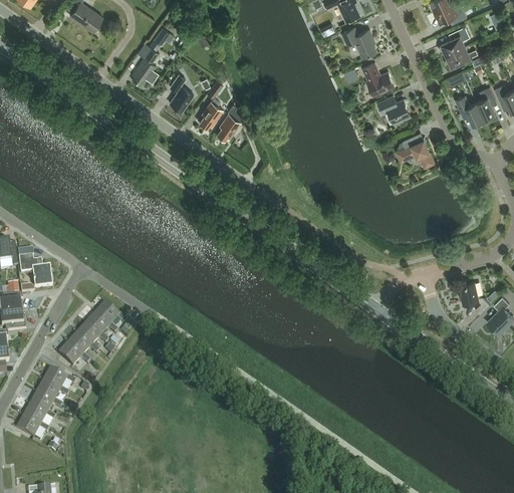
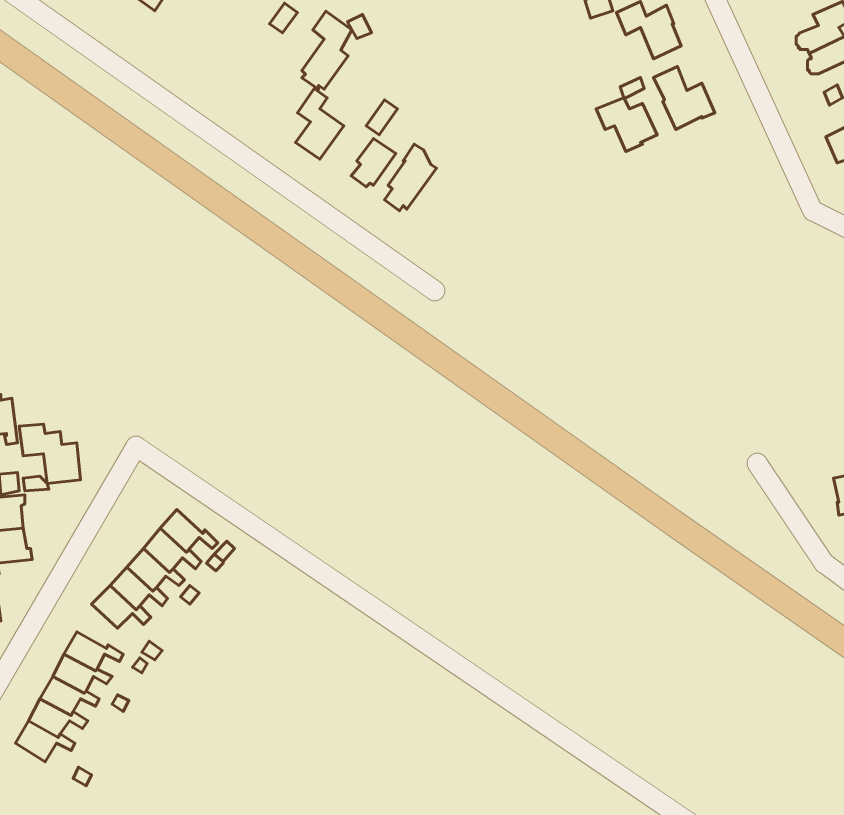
building: [131,43,158,85] -> [302,11,352,89]
building: [377,96,411,126] -> [596,98,657,152]
building: [397,133,433,167] -> none

